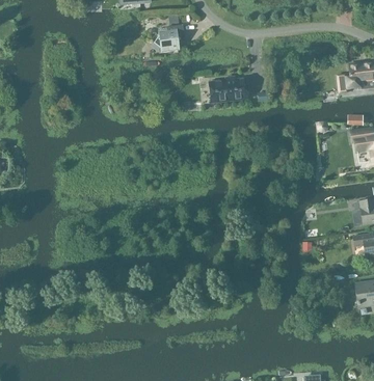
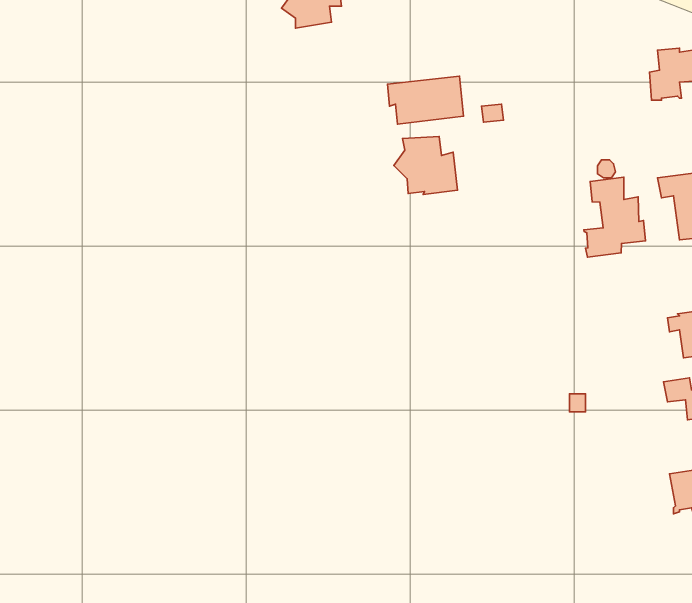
building: none -> [394,136,457,194]
building: none -> [584,177,646,257]

